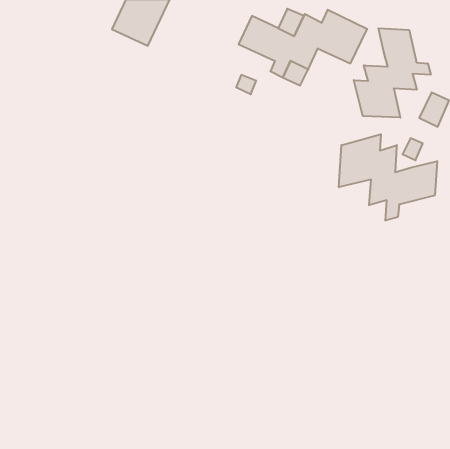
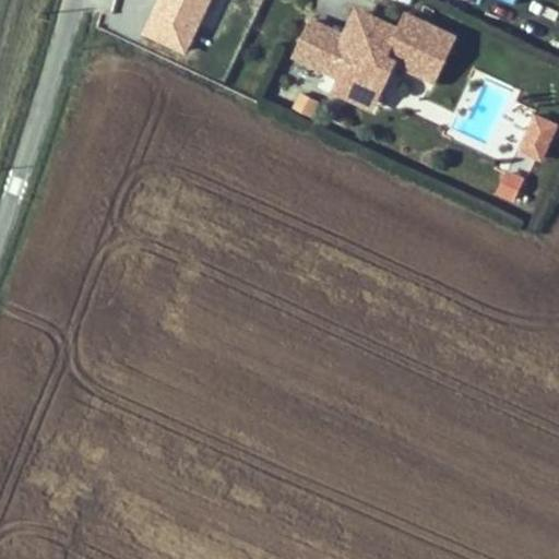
building: [354,28,431,118] -> none
building: [339,134,437,221] -> none

